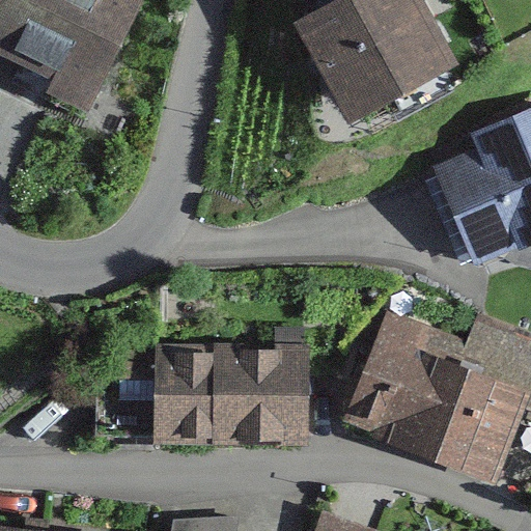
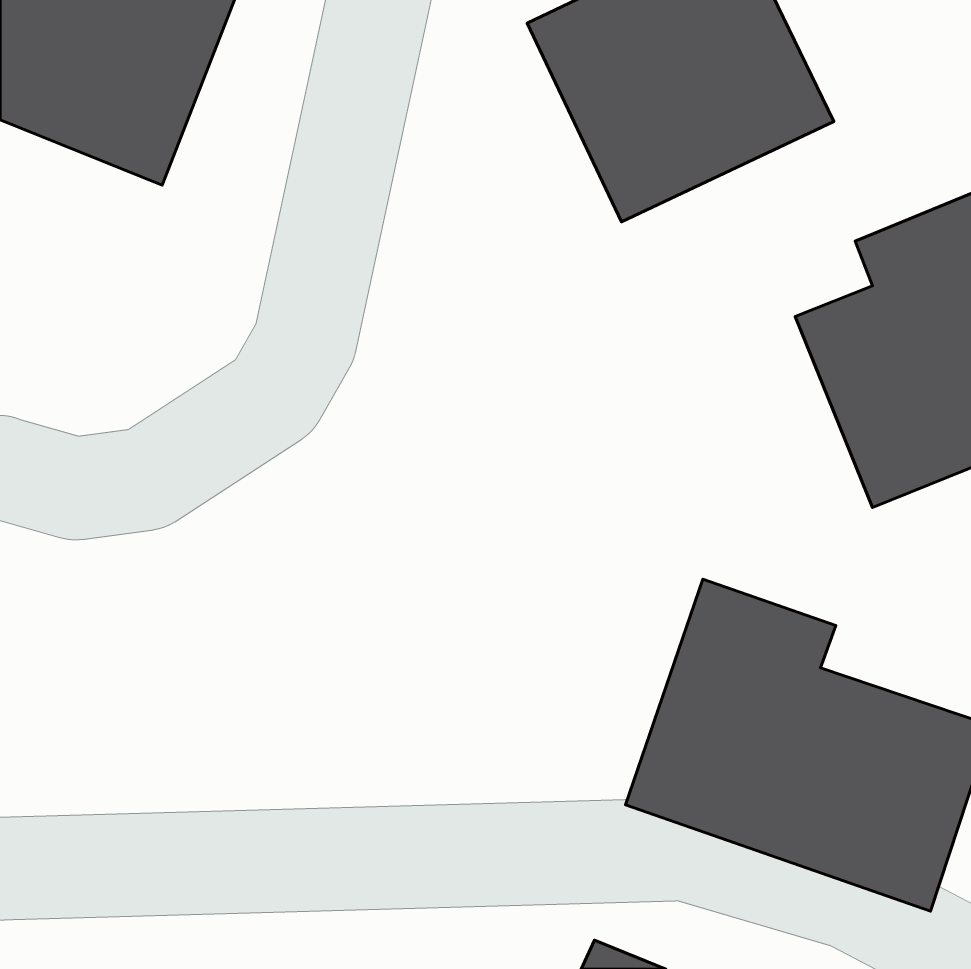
building: [151,347,310,437] -> none

